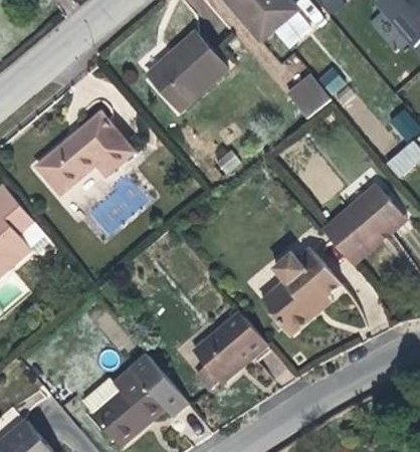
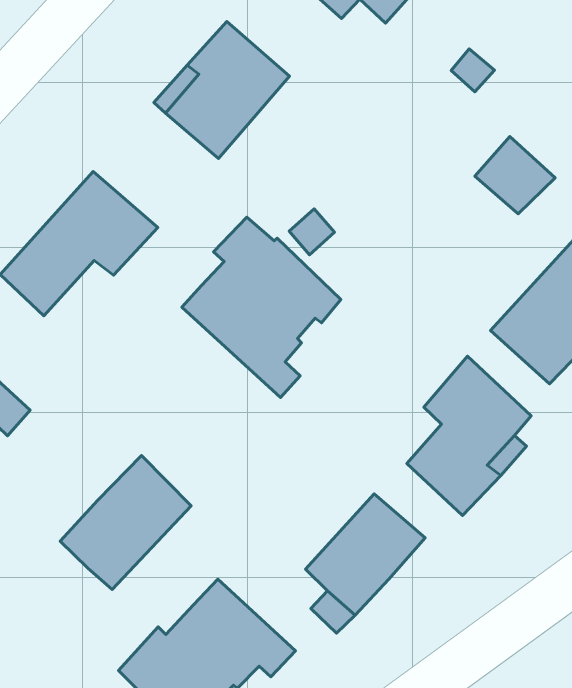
building: [286,74,333,120] -> [475,137,555,214]
building: none -> [182,217,341,397]
building: none -> [60,456,191,590]

